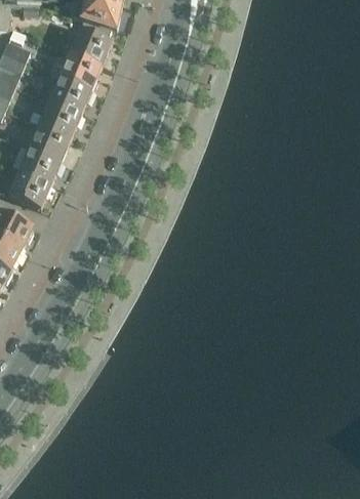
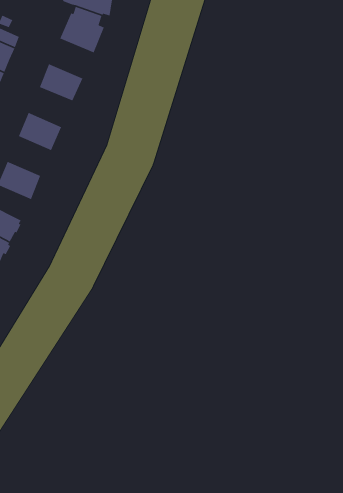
building: [58,50,103,88] -> none
building: [29,97,82,135] -> none
building: [18,144,62,182] -> none

